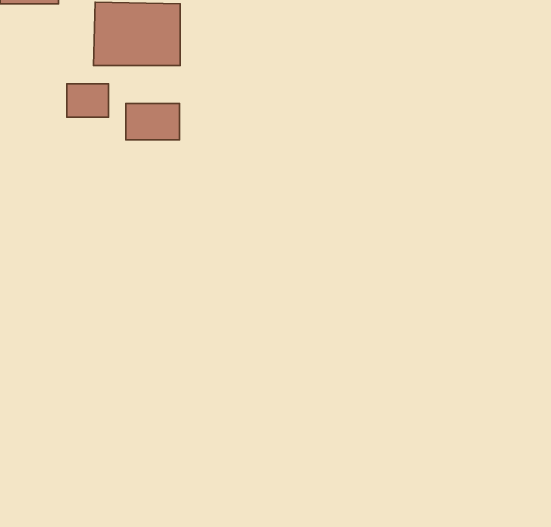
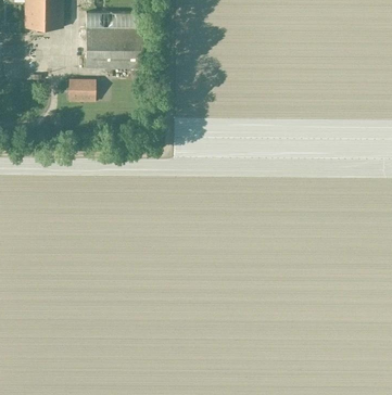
building: [126,103,179,140] -> none

